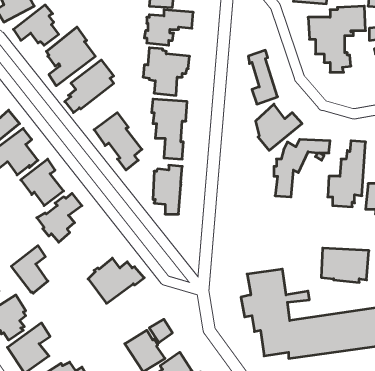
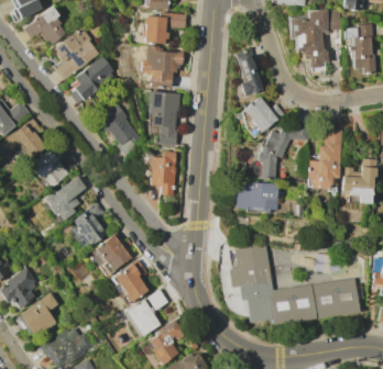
building: [11,246,48,293] -> [74,201,107,244]
building: [321,248,369,282] -> [236,181,278,212]
building: none -> [111,259,147,301]

